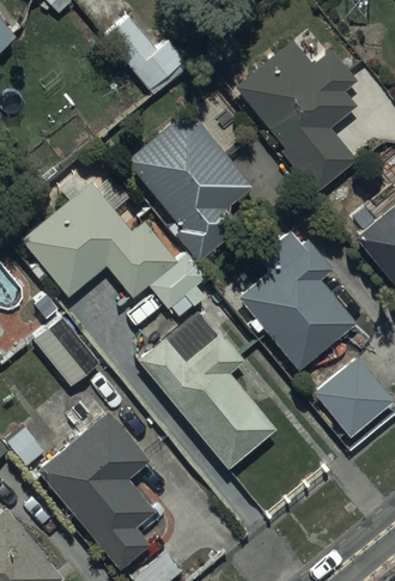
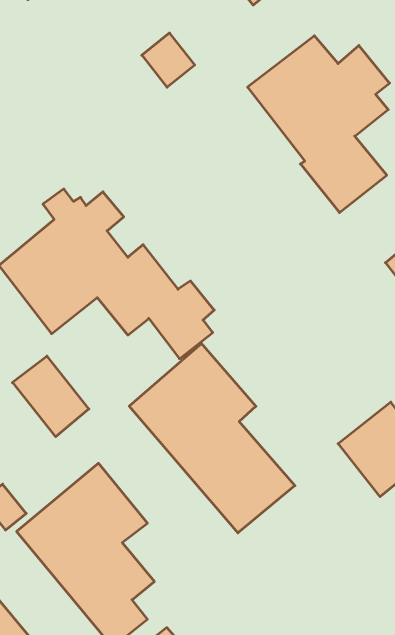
building: [126,110,253,262] -> none
building: [238,229,356,371] -> none

